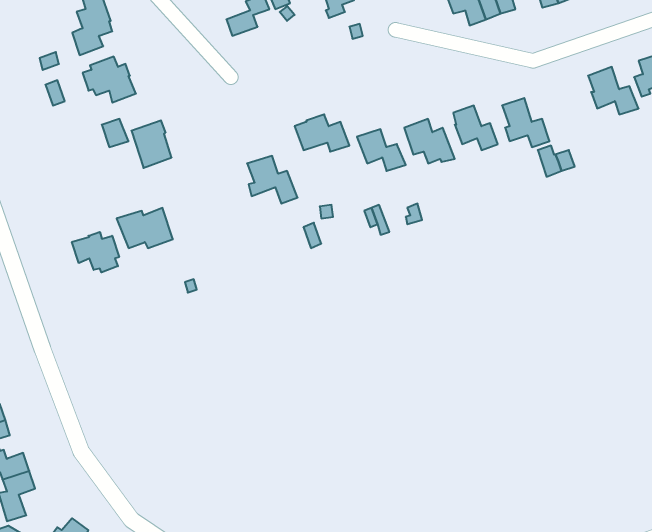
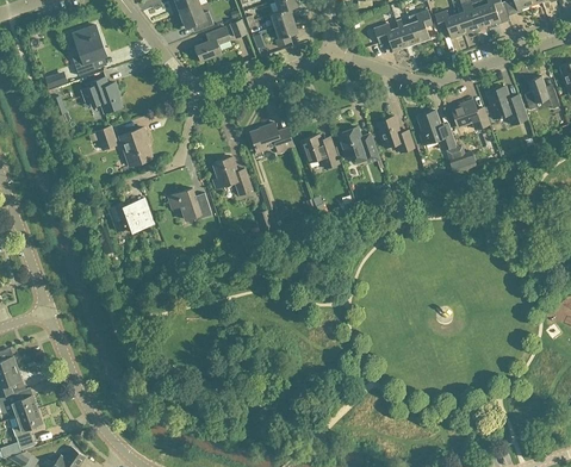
building: none -> [452,99,489,129]
building: none -> [167,187,211,219]
building: [72,232,119,272] -> none

